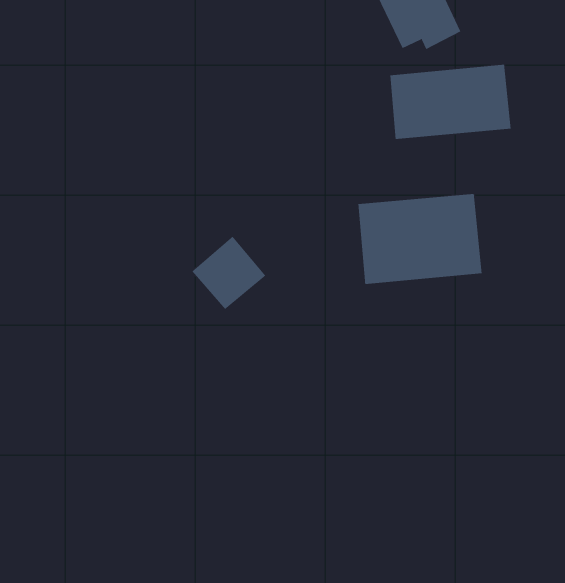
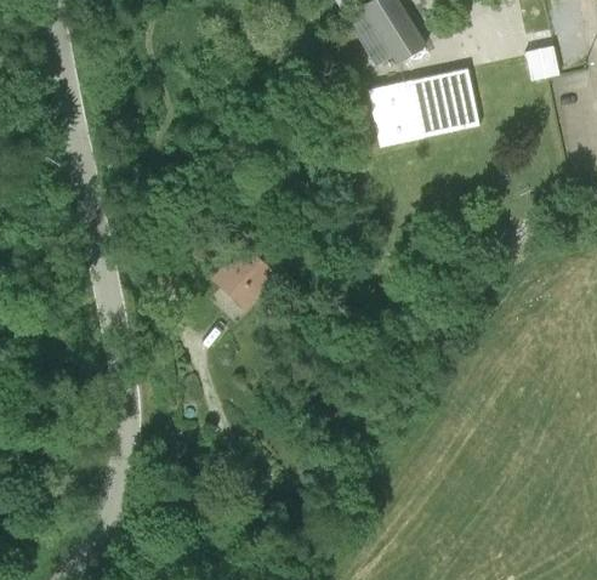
building: [358,193,482,285] -> none

